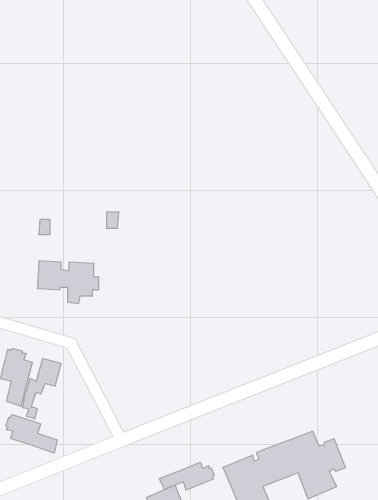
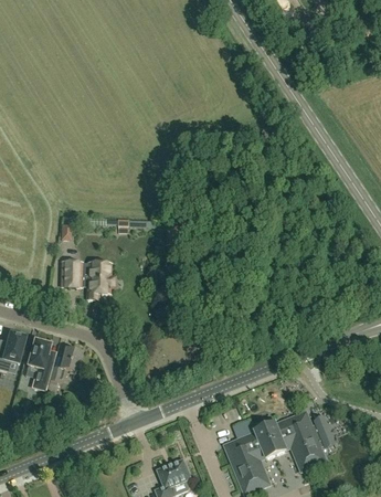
building: [6,415,57,453] -> none
building: [159,462,214,490] -> none

